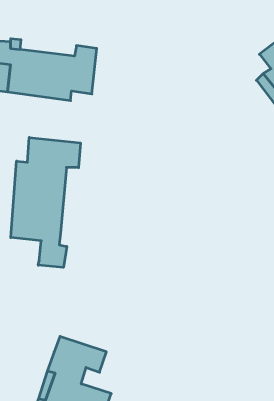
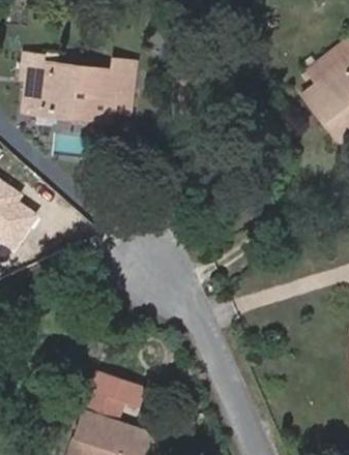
building: [11,137,80,267] -> none

